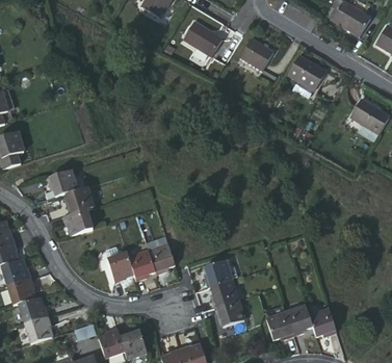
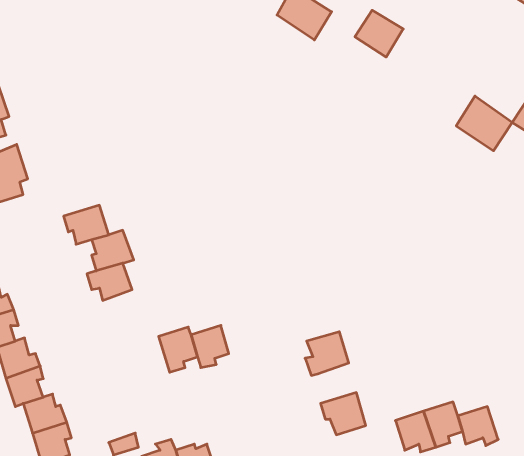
building: [289,56,326,93] -> [456,96,512,151]
building: [151,243,177,273] -> none
building: [214,276,241,303] -> none

